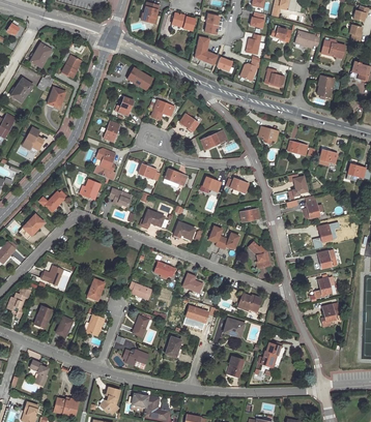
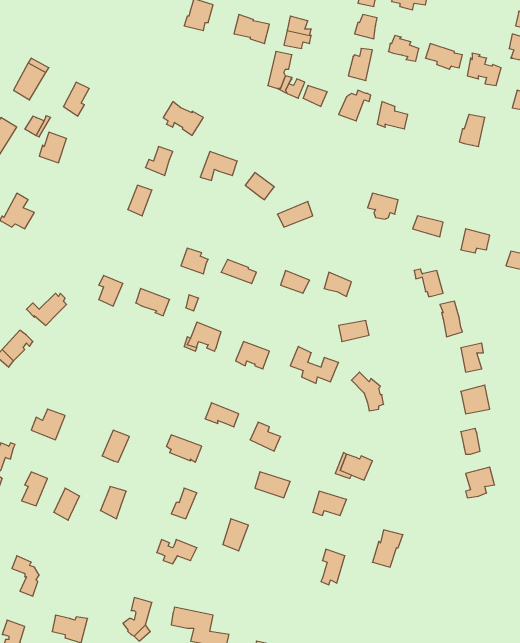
building: [94,149,115,180] -> none

